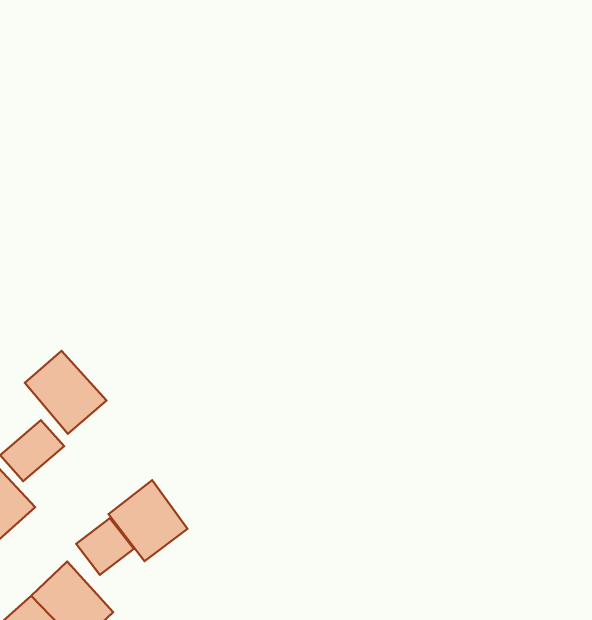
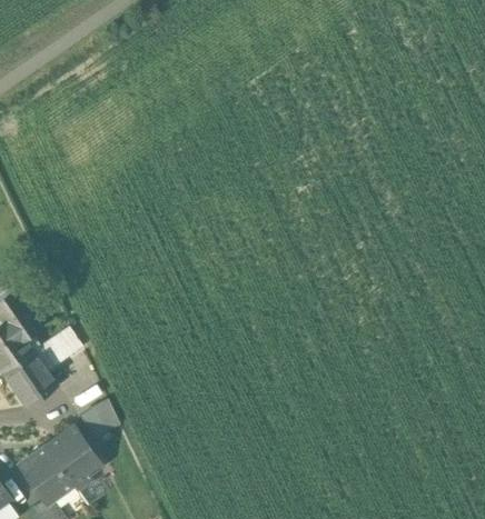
building: [25,351,107,434] -> none
building: [108,480,187,561] -> none

